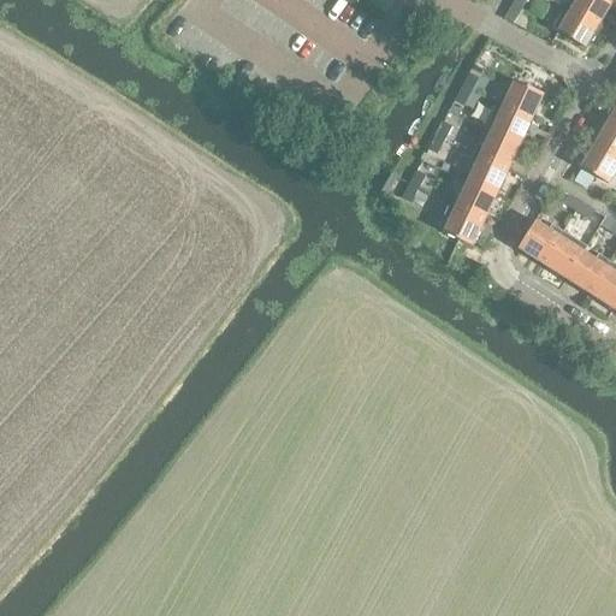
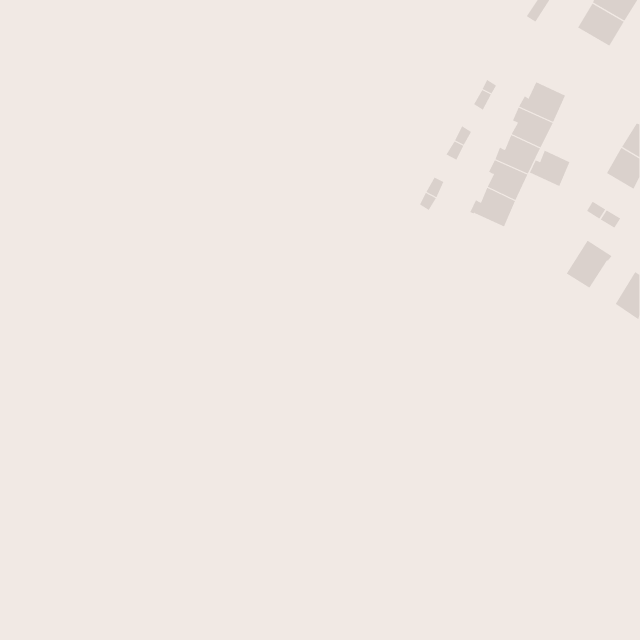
building: none -> [529,150,570,187]
building: [443,203,484,244] -> none
building: [519,220,563,262] -> none
building: [565,250,609,291] -> none

